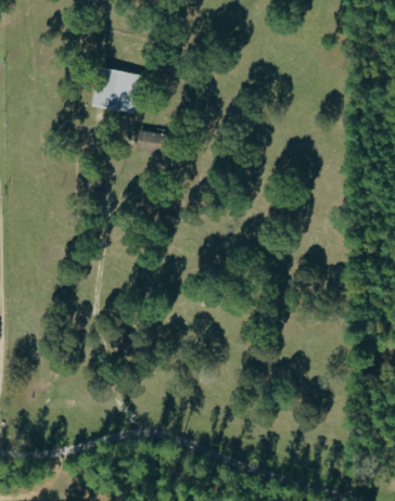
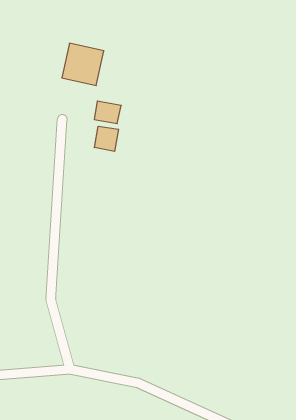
building: none -> [94,126,119,151]

